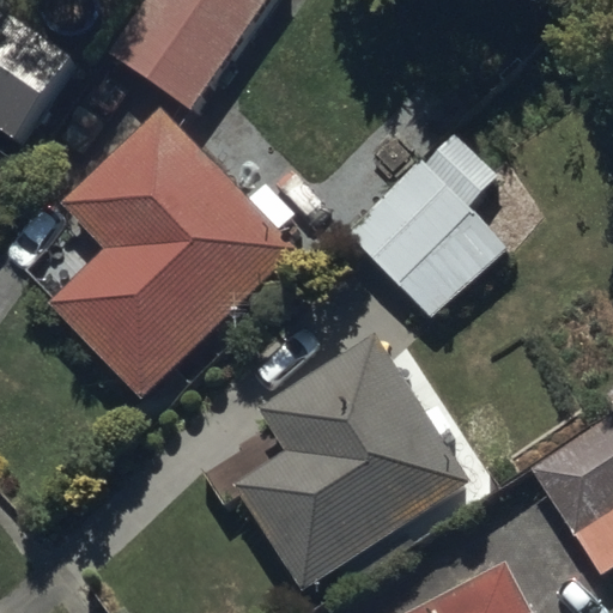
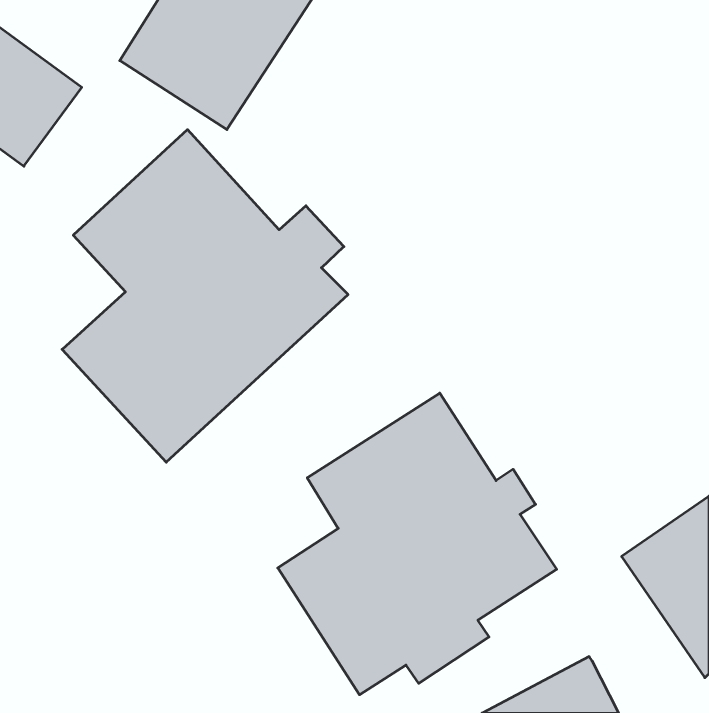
building: [344,132,506,318] -> none

